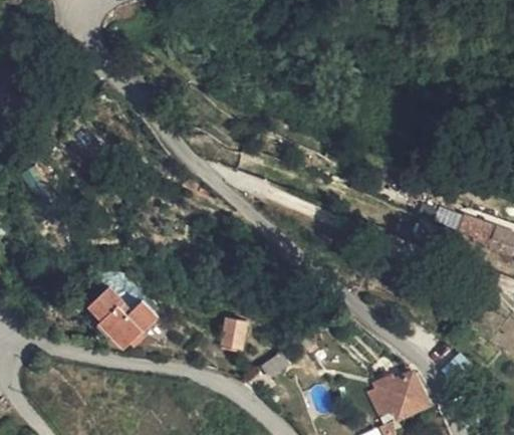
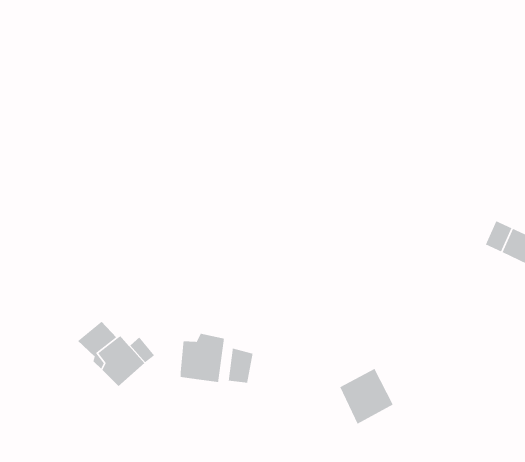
building: none -> [180,333,225,383]
building: [382,368,432,419] -> [339,368,394,425]

